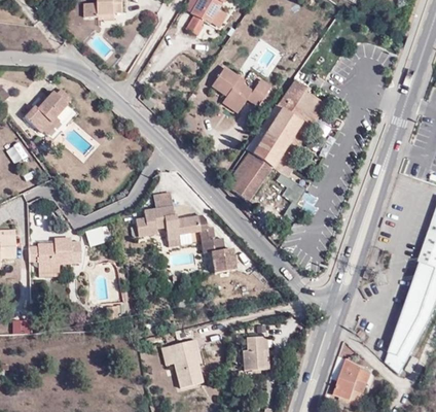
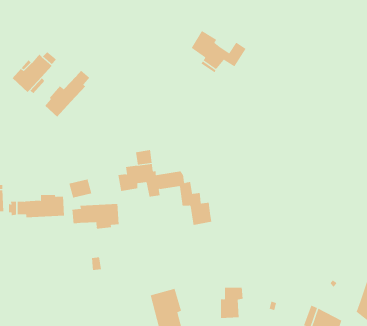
building: [225,78,324,200] -> none
building: none -> [45,70,90,117]
building: none -> [72,203,119,229]

